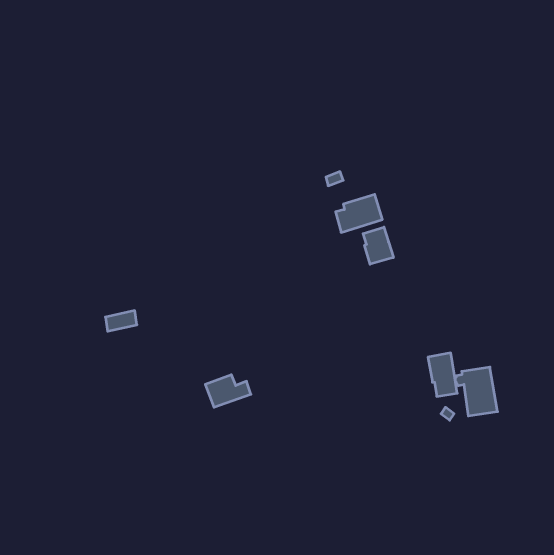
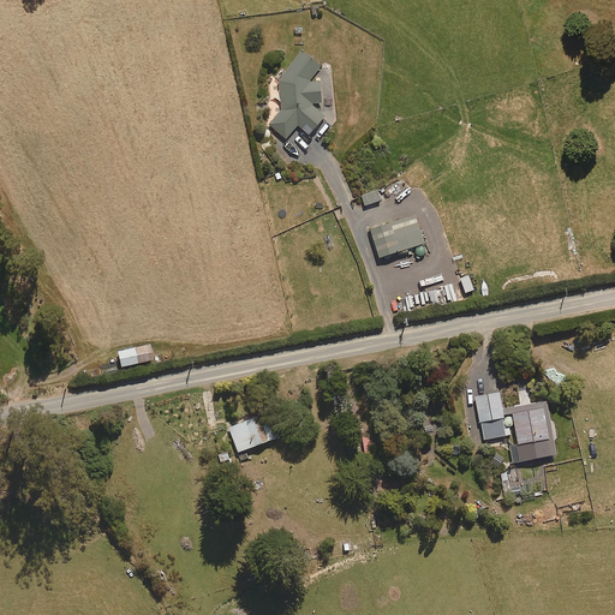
building: none -> [269,52,324,138]
building: [363,227,393,264] -> none

